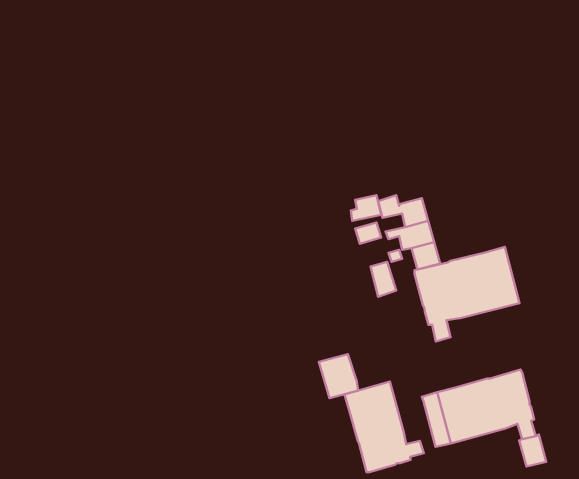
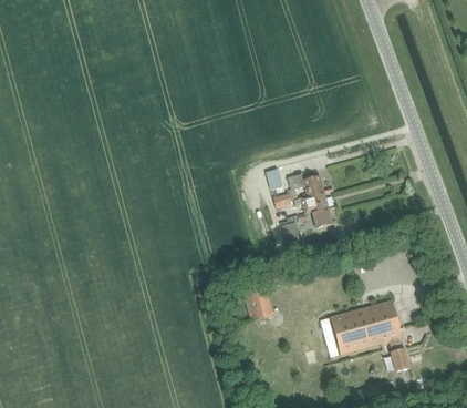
building: [414,247,520,342] -> none
building: [344,381,424,472] -> none

